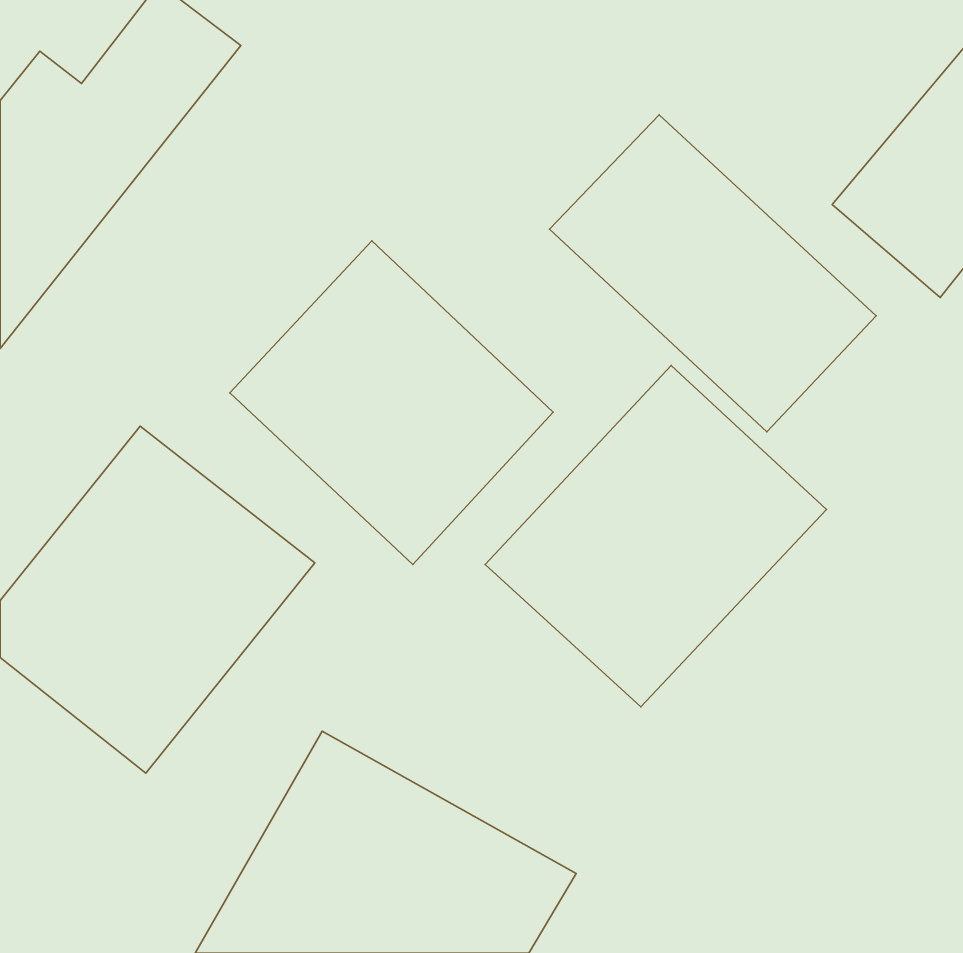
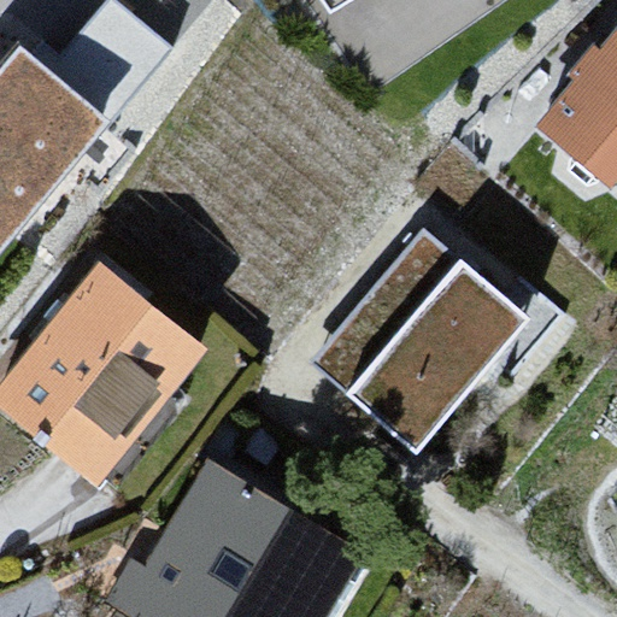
building: [550,115,876,432] -> none
building: [230,241,553,565] -> none

